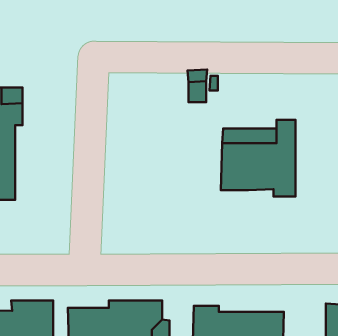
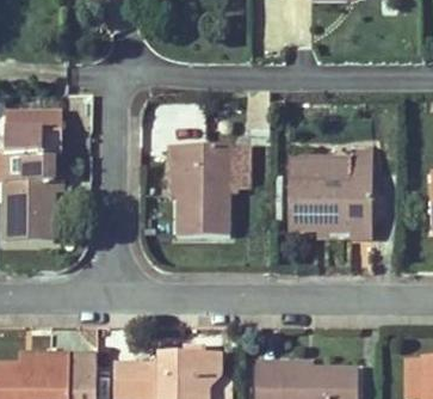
building: none -> [169,146,248,235]

